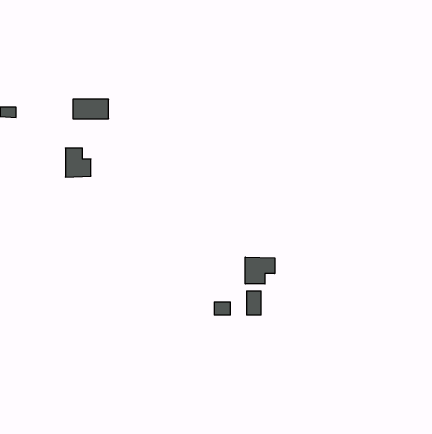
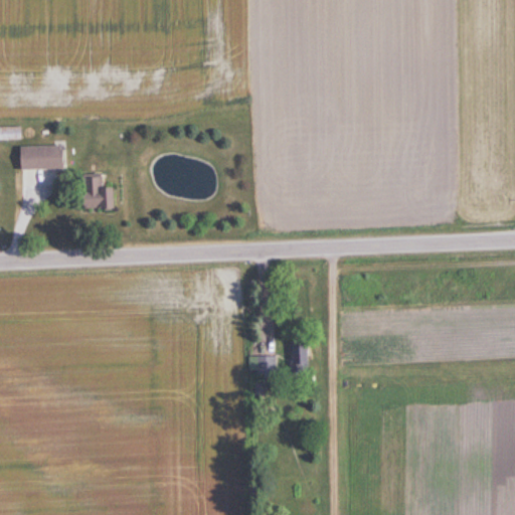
building: [73,99,109,119] -> [19,146,61,169]
building: [245,257,275,284] -> none

